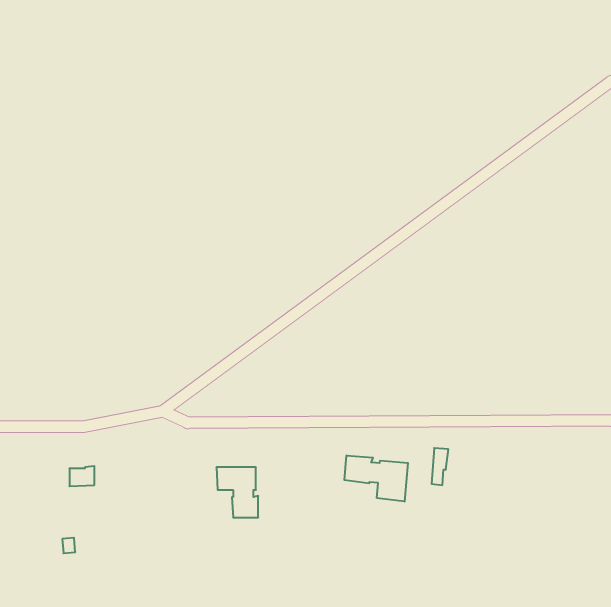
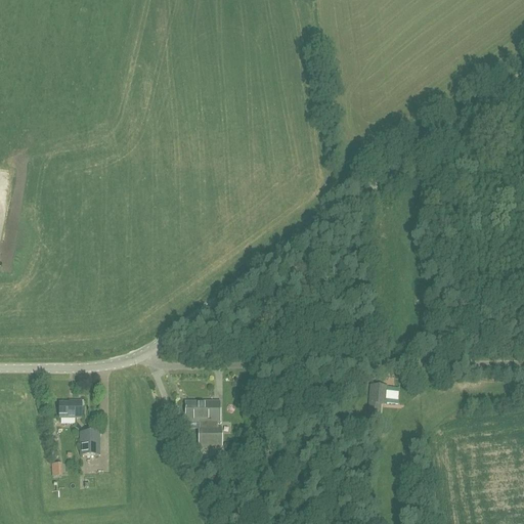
building: [344,455,408,502] -> none
building: none -> [81,430,99,453]

